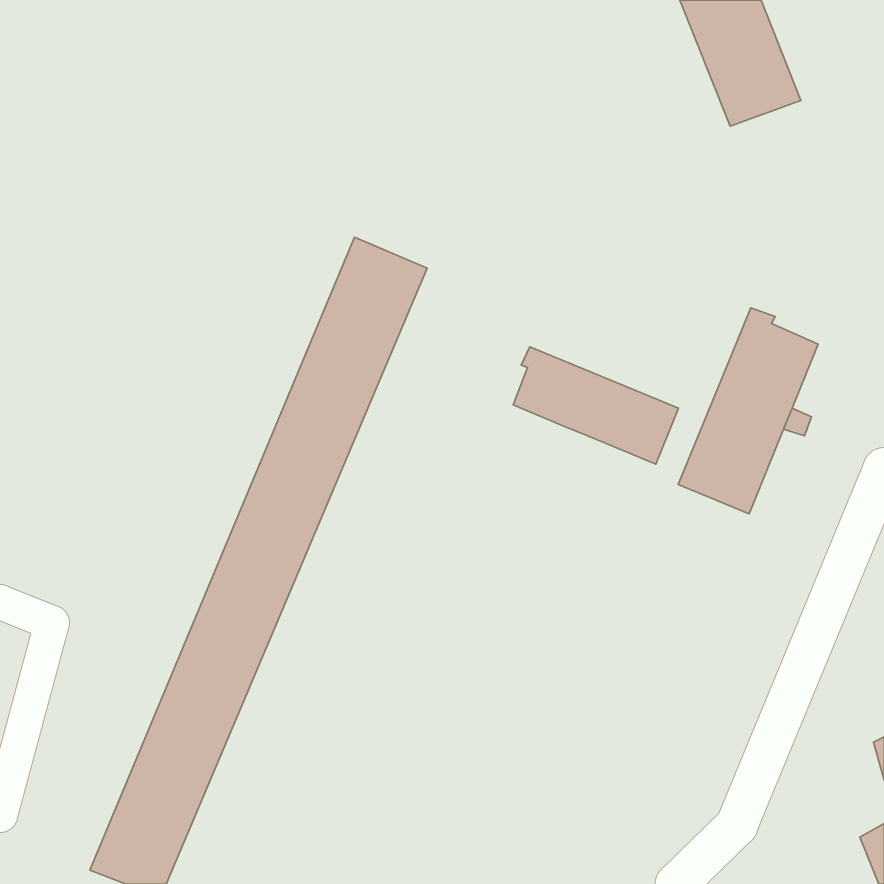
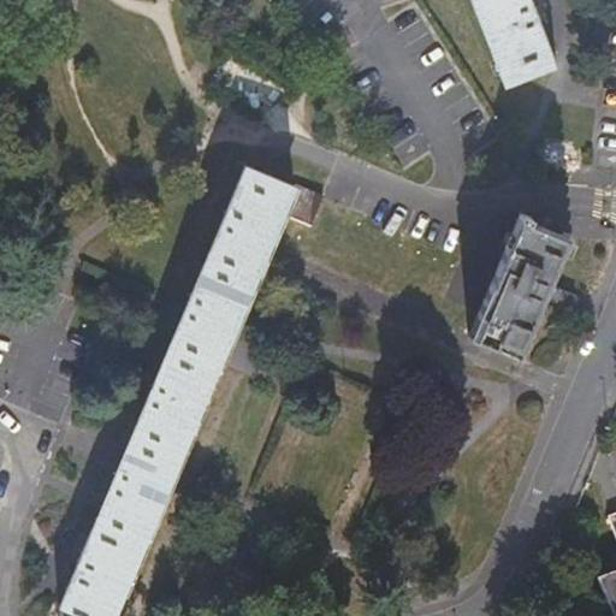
building: [513,347,679,464] -> none

